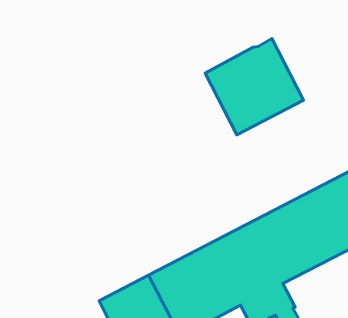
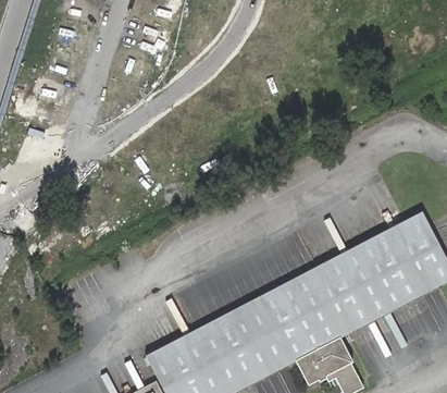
building: [205,38,304,135] -> none

